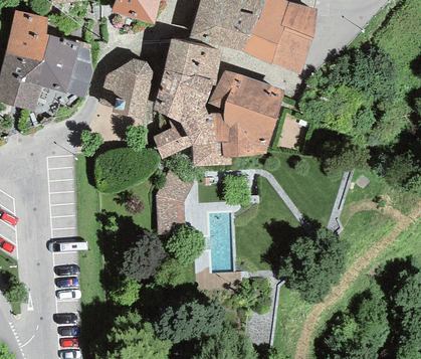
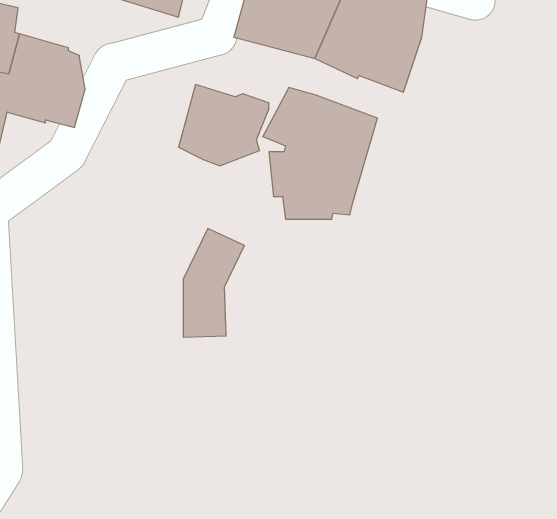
building: [165,38,222,84] -> none
building: [99,58,153,118] -> none
building: [153,111,231,165] -> none

